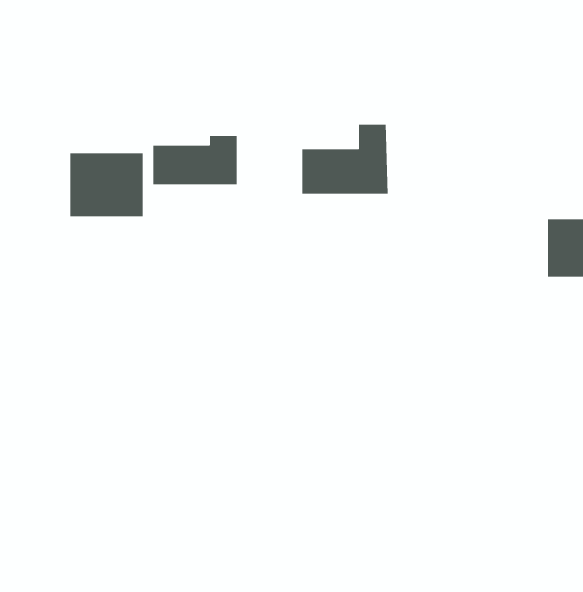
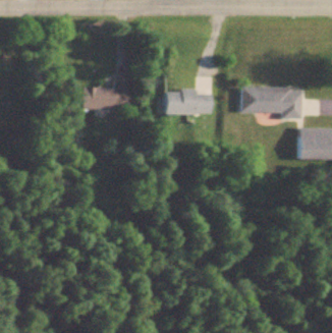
building: none -> [240,87,301,115]
building: [70,153,143,217] -> none

